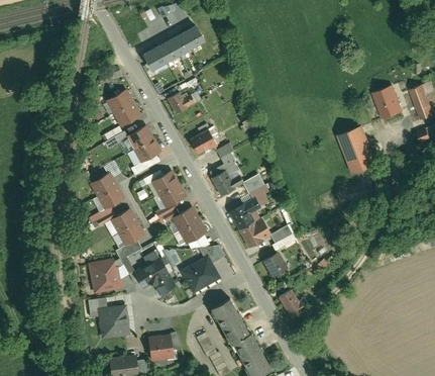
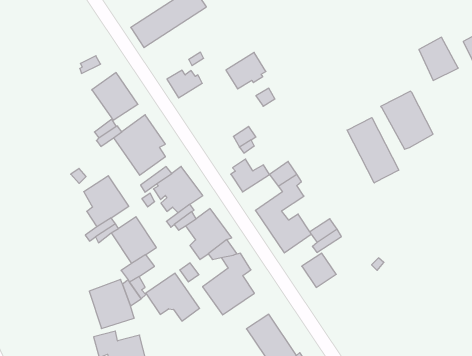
building: [188,126,220,155] -> [226,52,266,89]
building: none -> [347,118,399,183]
building: [279,288,311,316] -> none

